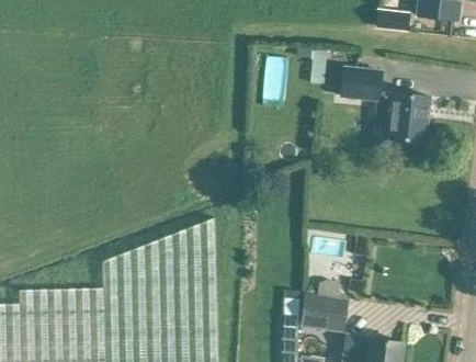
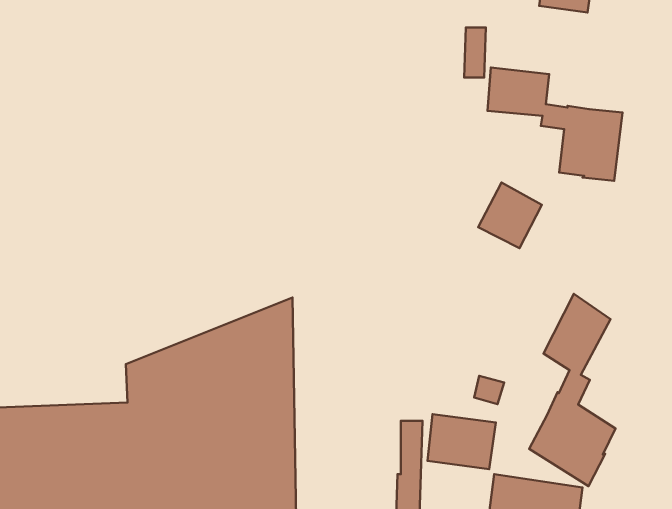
building: none -> [478,182,542,248]
building: none -> [529,294,616,486]

